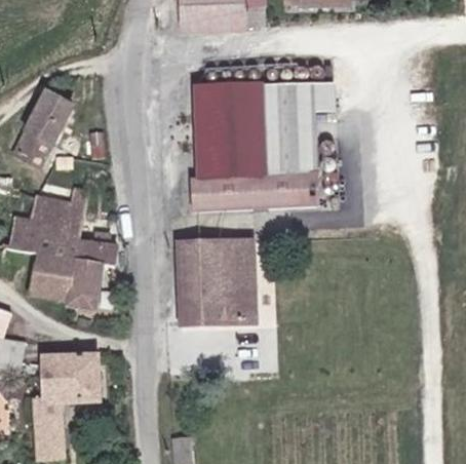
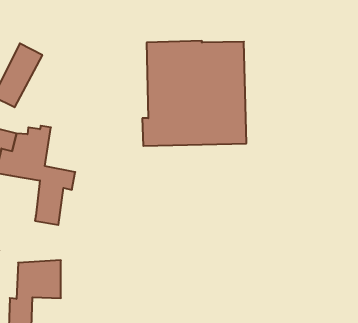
building: [177,238,251,320] -> none
building: [28,249,72,299] -> none

